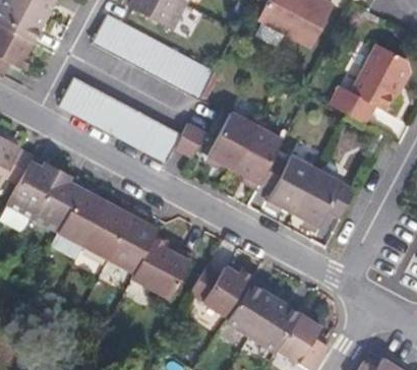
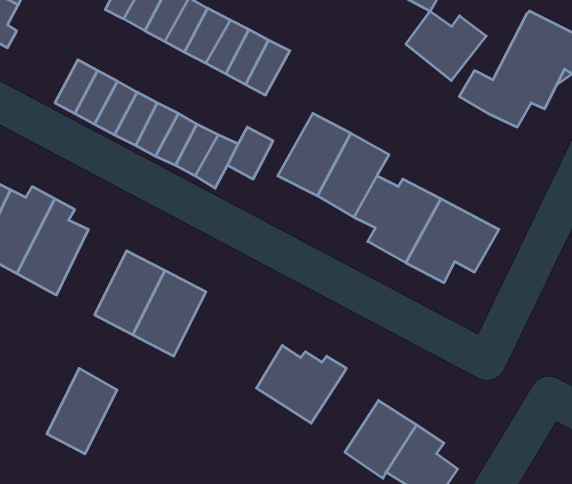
building: none -> [406,11,486,81]
building: [60,190,107,247] -> [47,368,117,454]
building: [135,236,196,299] -> none
building: [228,288,275,338] -> none

